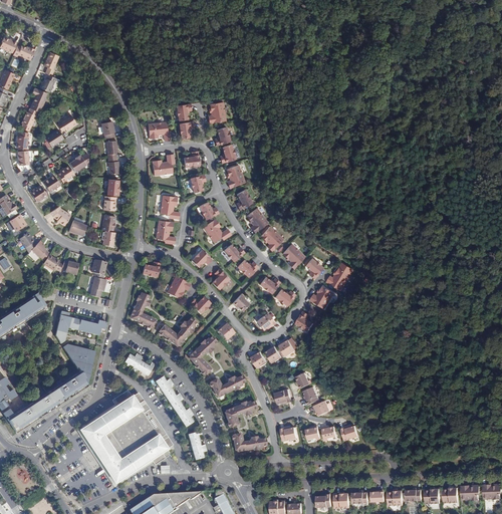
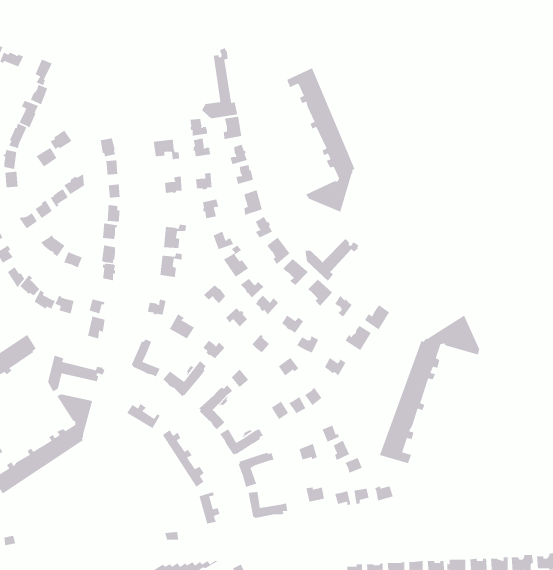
building: none -> [201,47,238,119]
building: none -> [286,67,355,213]
building: none -> [304,238,359,282]
building: none -> [379,314,480,464]
building: [79,389,172,482] -> none

